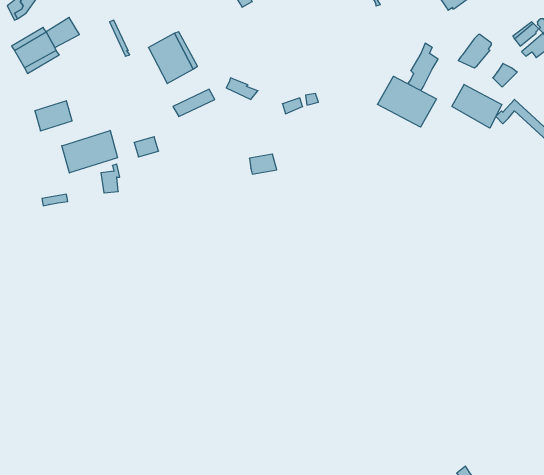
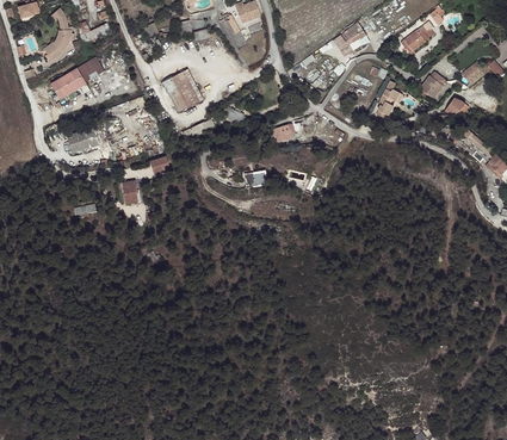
building: [377,76,436,127] -> none
building: [452,84,502,128] -> none
building: [62,130,118,173] -> none

